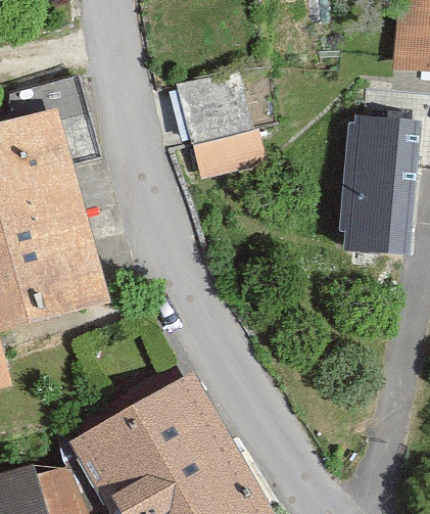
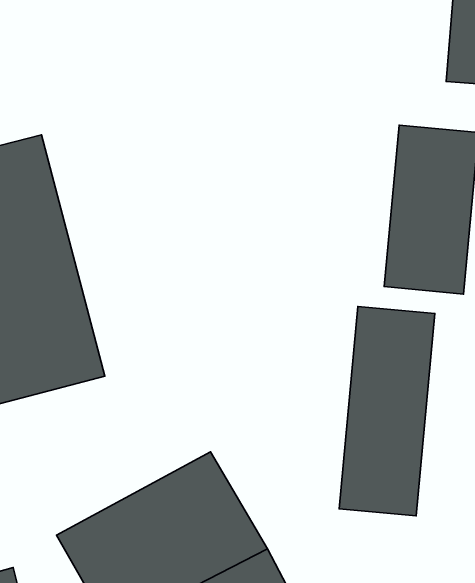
building: [169,71,267,185] -> none
building: none -> [339,307,435,516]

